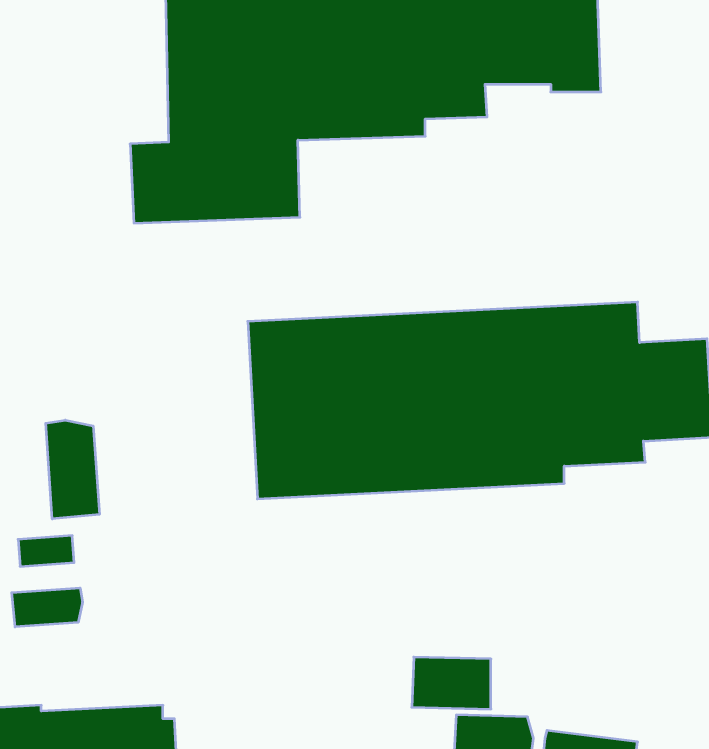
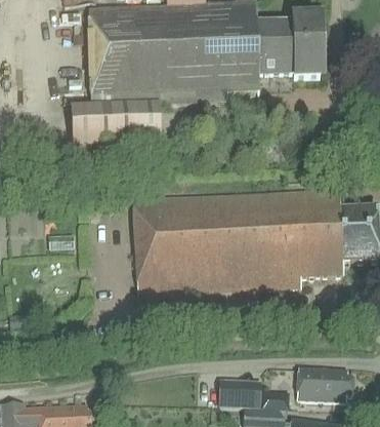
building: [46,420,99,519] -> none
building: [12,588,82,627] -> none
building: none -> [298,368,353,399]

